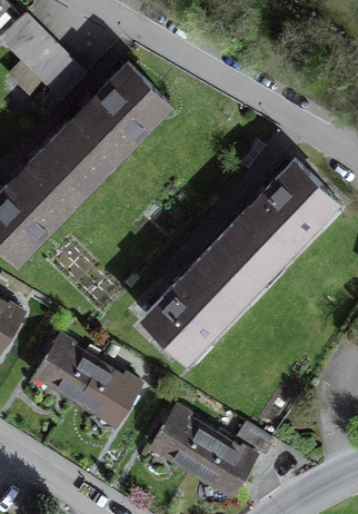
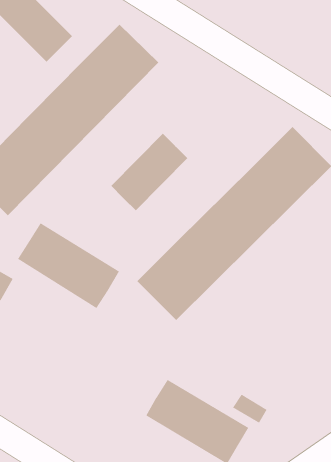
building: none -> [110,133,188,211]
building: [38,340,138,425] -> [17,222,120,309]

